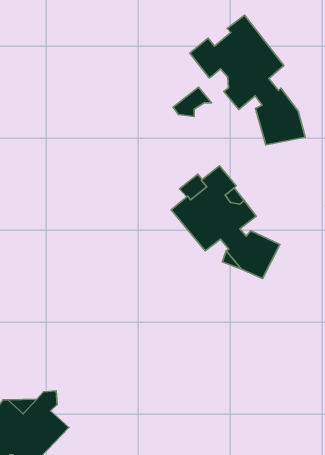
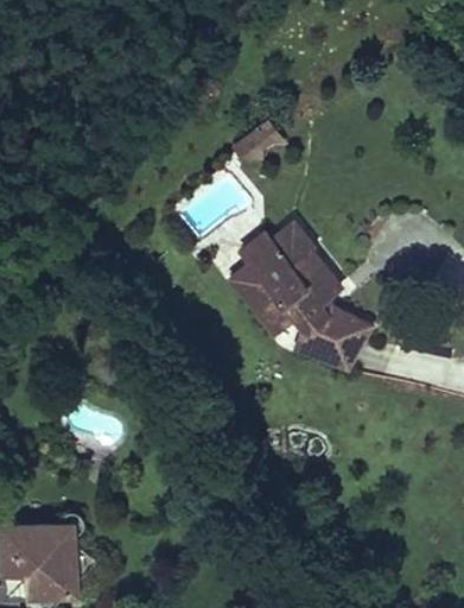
building: [190,15,305,145] -> none

